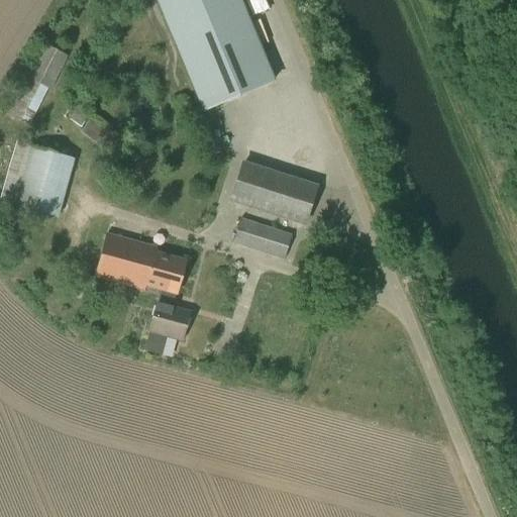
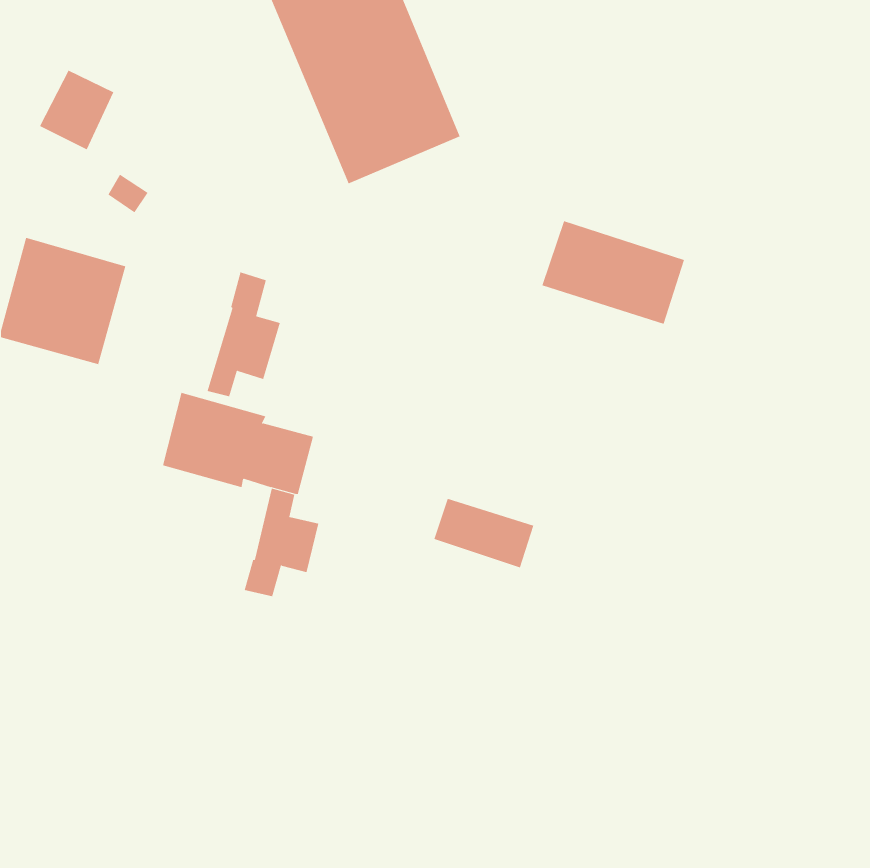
building: none -> [207,271,281,397]
building: [232,162,317,223] -> [541,221,685,325]
building: [233,217,293,258] -> [433,498,534,568]

